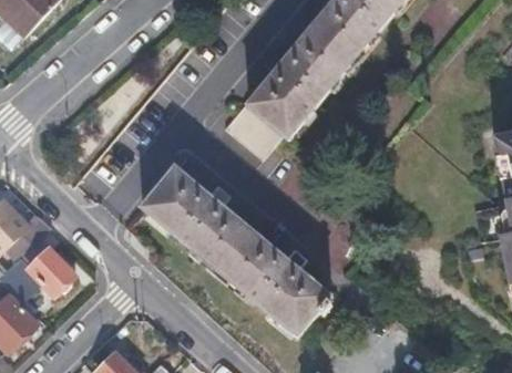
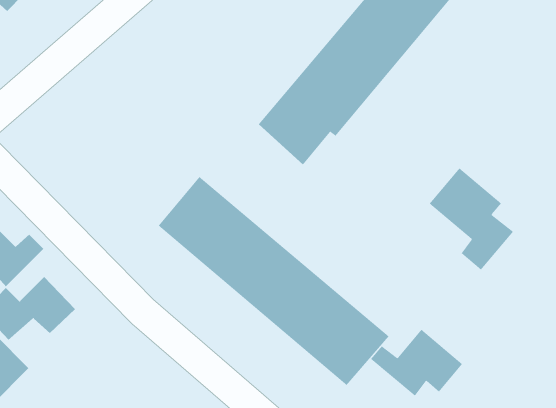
building: none -> [429,168,514,270]
building: none -> [370,329,463,397]

